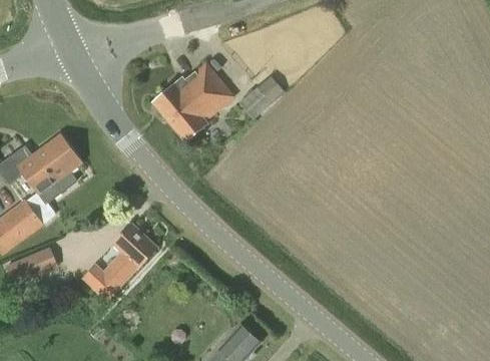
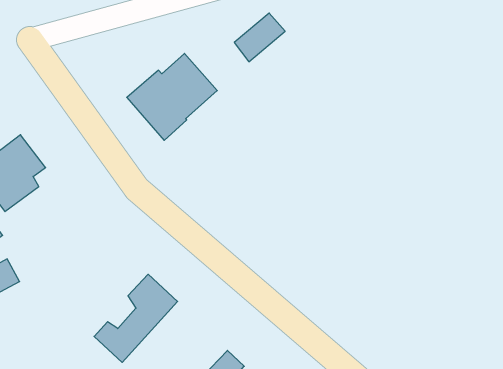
building: [238,76,284,119] -> [234,13,285,62]
building: [82,224,156,302] -> [94,274,178,362]

